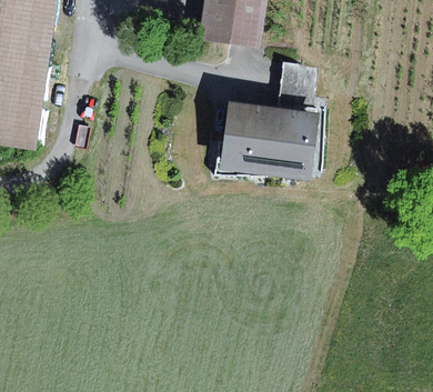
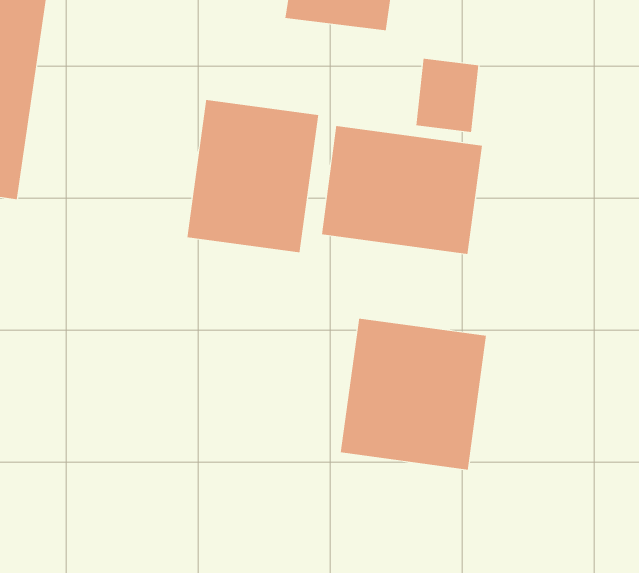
building: none -> [187,99,319,253]
building: none -> [340,318,487,470]

